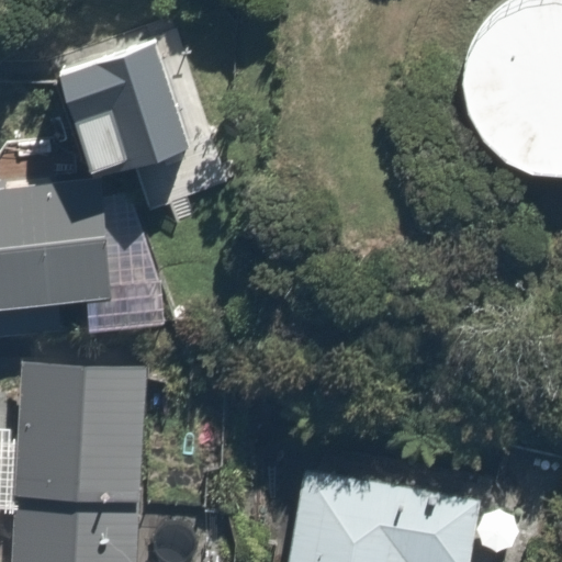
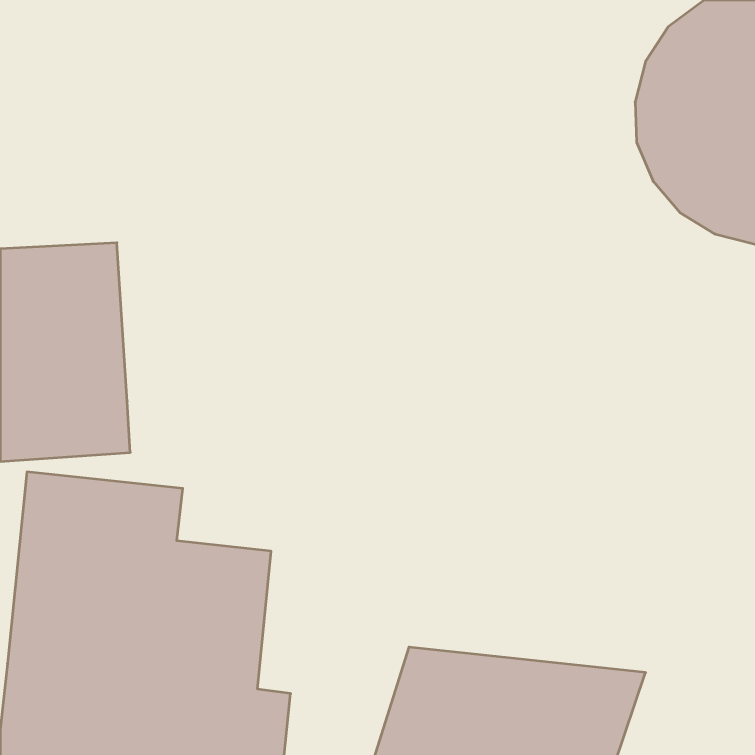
building: [40,27,176,162] -> none

